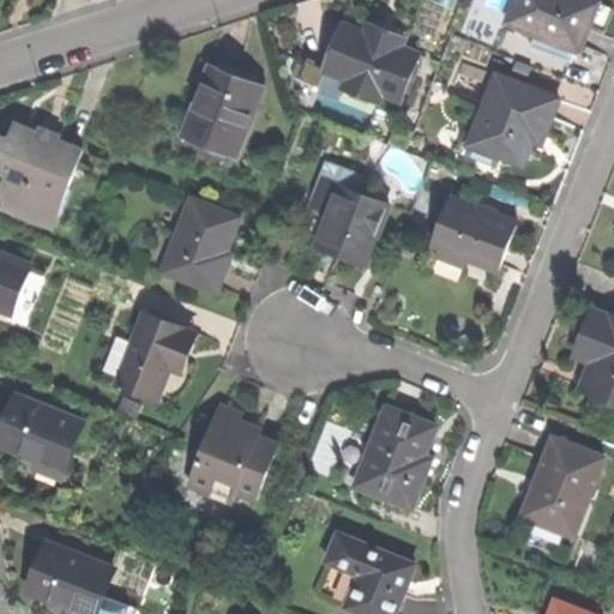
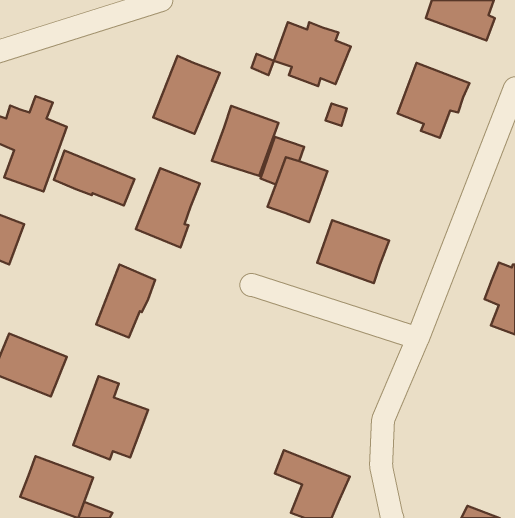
building: none -> [212,106,278,176]
building: none -> [54,151,134,205]
building: [429,195,514,270] -> [317,220,389,283]
building: [187,404,276,502] -> [73,376,148,459]
building: [362,407,433,506] -> none
building: [524,437,601,536] -> none

